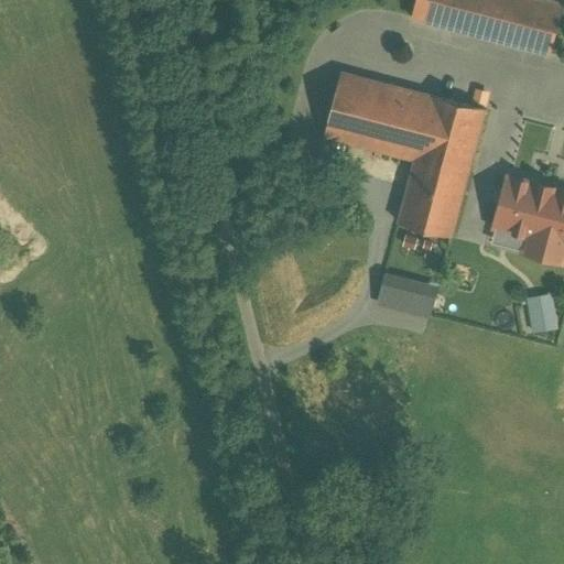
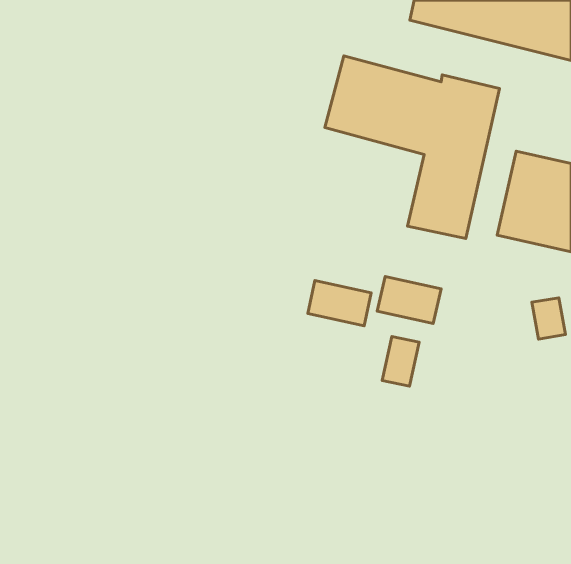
building: none -> [308,280,371,326]
building: none -> [382,337,419,386]

